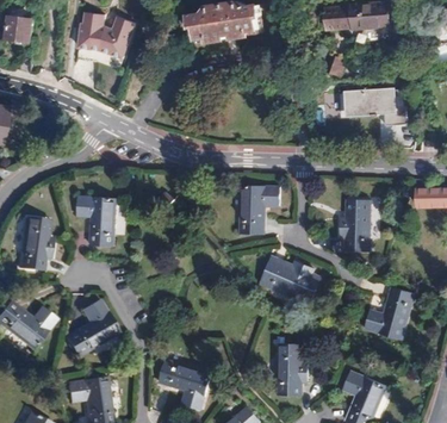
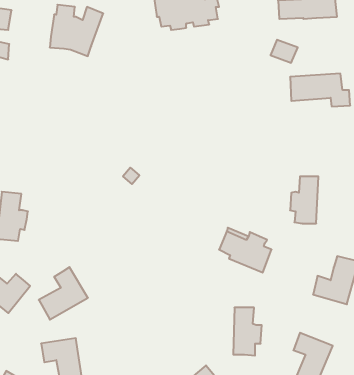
building: [241,185,279,234] -> none
building: [77,195,117,245] -> none
building: [159,359,212,410] -> none

